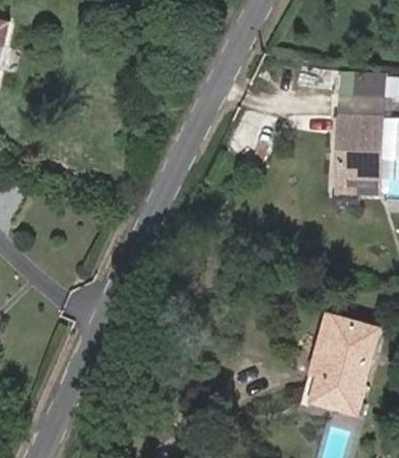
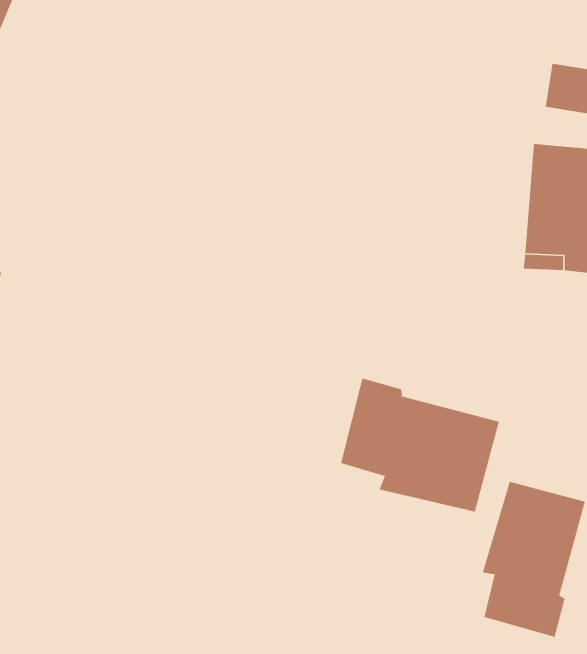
building: none -> [340,378,500,512]

